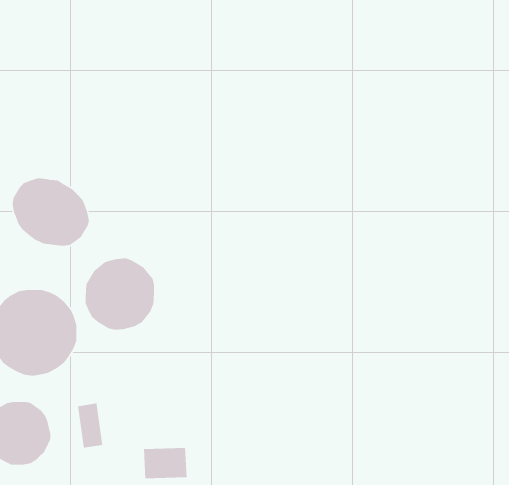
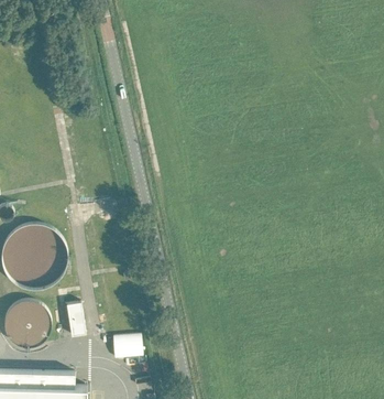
building: [12,177,90,246] -> none
building: [85,258,155,330] -> none

